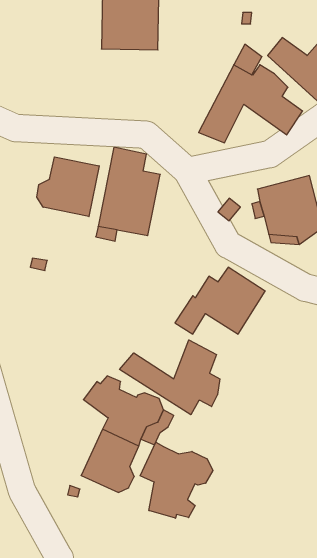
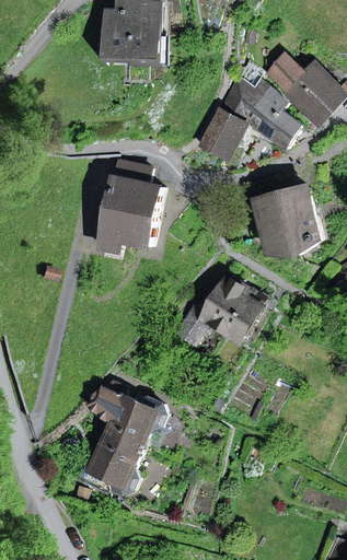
building: [37,157,99,217] -> none
building: [120,340,220,415] -> none
building: [140,442,213,518] -> none

